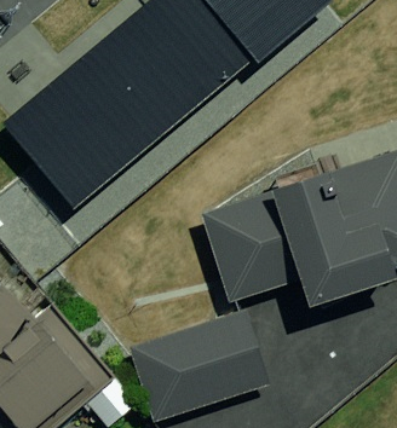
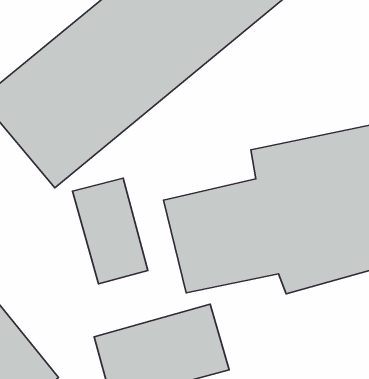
building: none -> [73,178,148,284]

